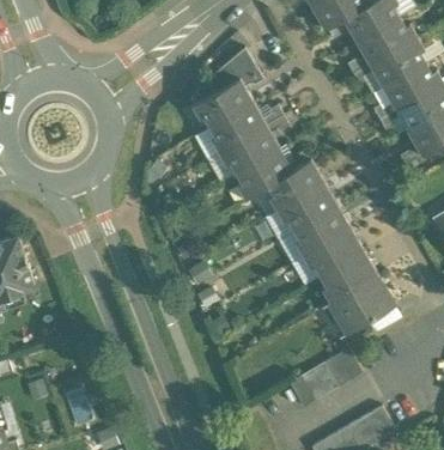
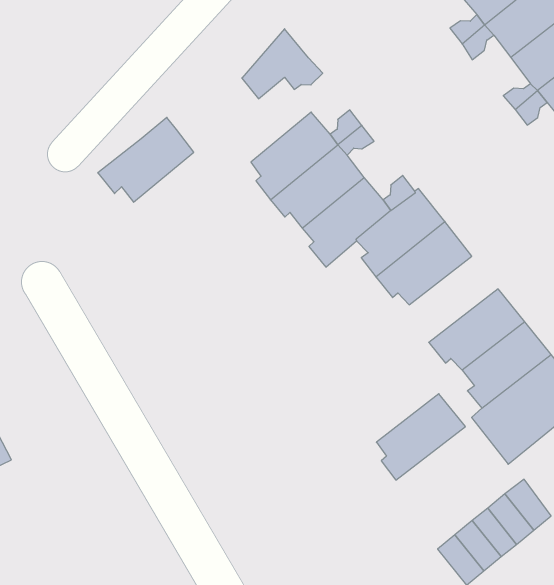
building: [191,78,253,127] -> [98,117,194,202]
building: [294,206,351,255] -> [376,394,465,480]

